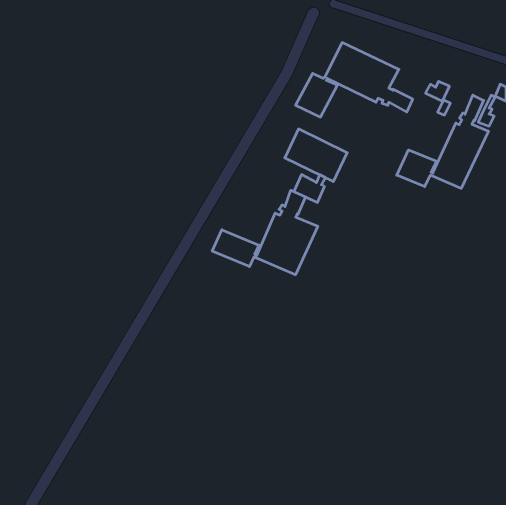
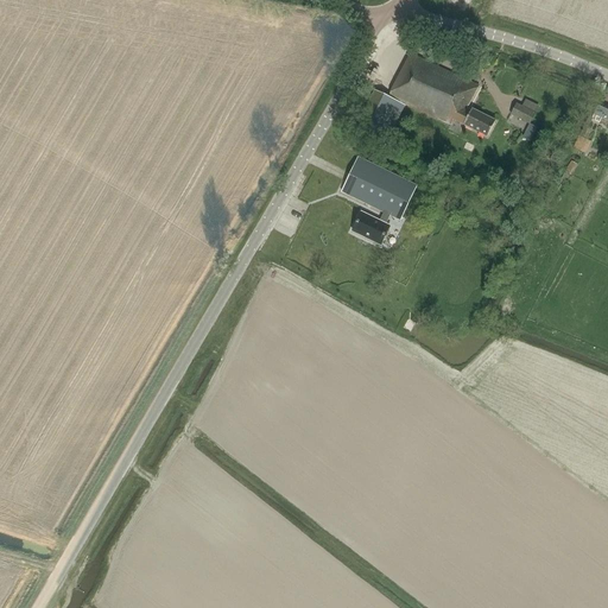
building: [397,95,488,188] -> none
building: [212,190,318,275] -> none

